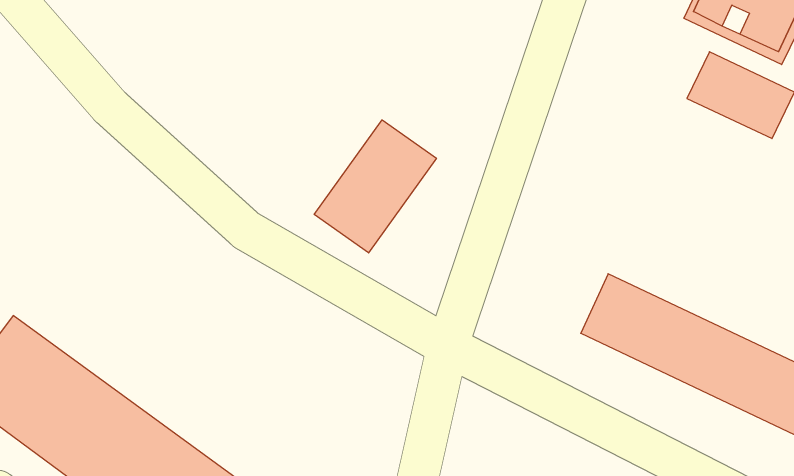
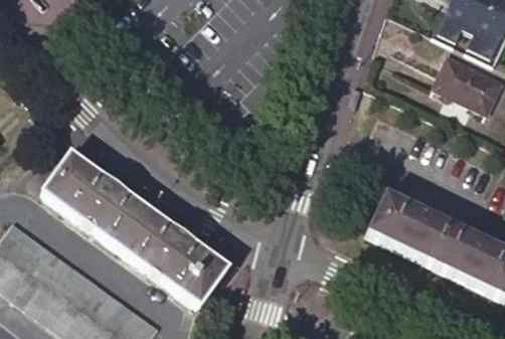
building: [314,120,436,253] -> none
building: none -> [42,157,224,306]

